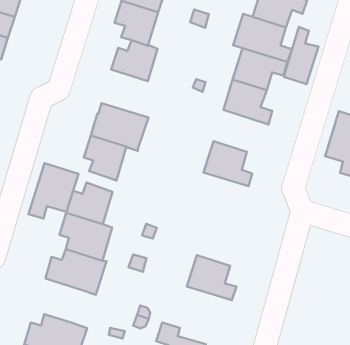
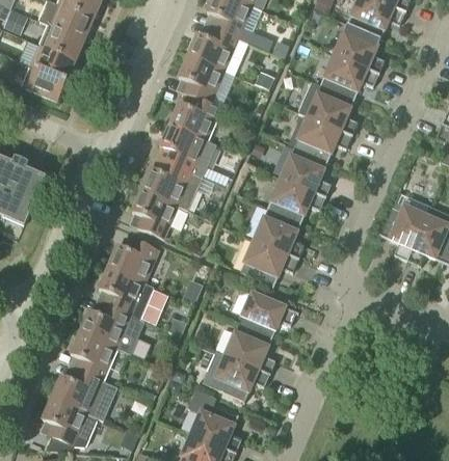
building: [284,27,319,84] -> none
building: none -> [156,124,216,177]
building: none -> [267,177,325,222]
building: [29,163,78,218] -> none
building: none -> [240,239,298,284]
building: none -> [238,291,296,337]
building: none -> [71,331,116,379]
building: none -> [202,350,269,400]

